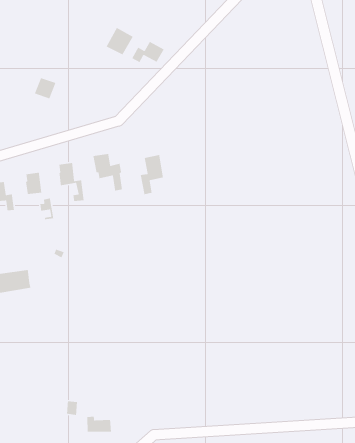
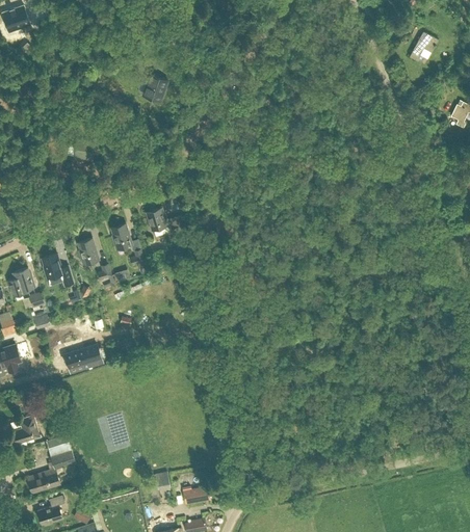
building: [131,41,165,63] -> none
building: [140,154,164,195] -> none

